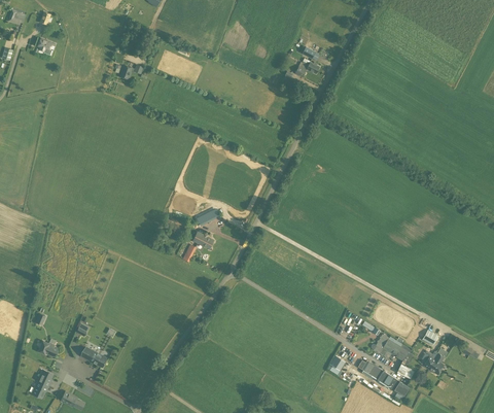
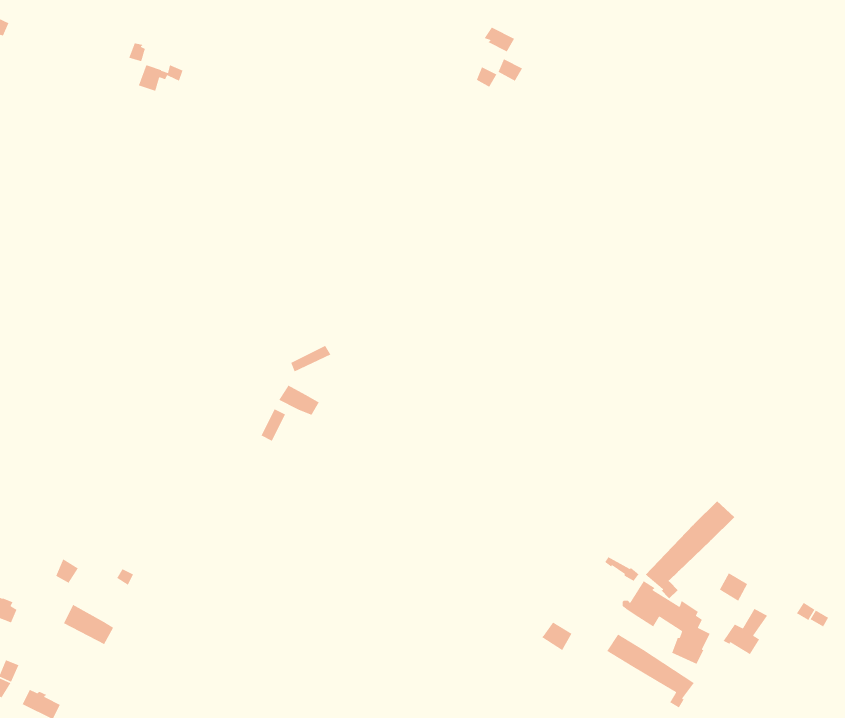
building: none -> [645,500,735,599]

